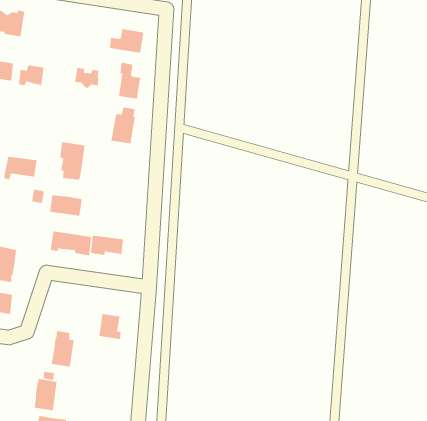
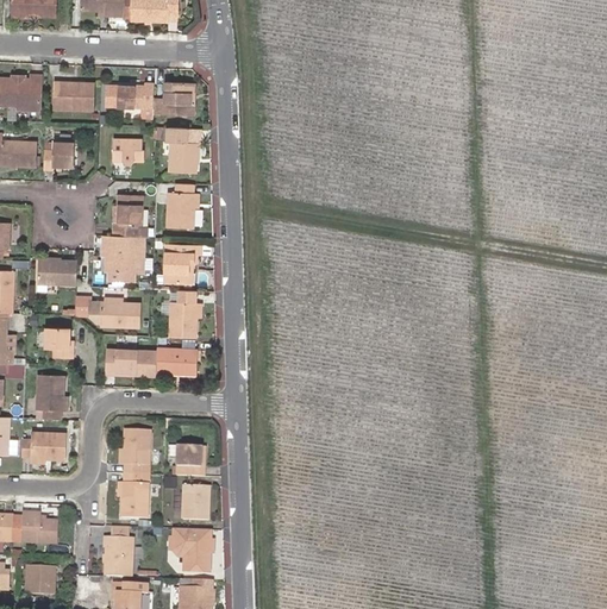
building: none -> [54,82,94,109]
building: none -> [106,82,152,107]
building: none -> [113,194,143,237]
building: none -> [165,245,201,285]
building: none -> [169,290,196,339]
building: none -> [45,328,71,358]
building: none -> [124,432,150,475]
building: none -> [183,486,208,520]
building: none -> [173,529,209,572]

